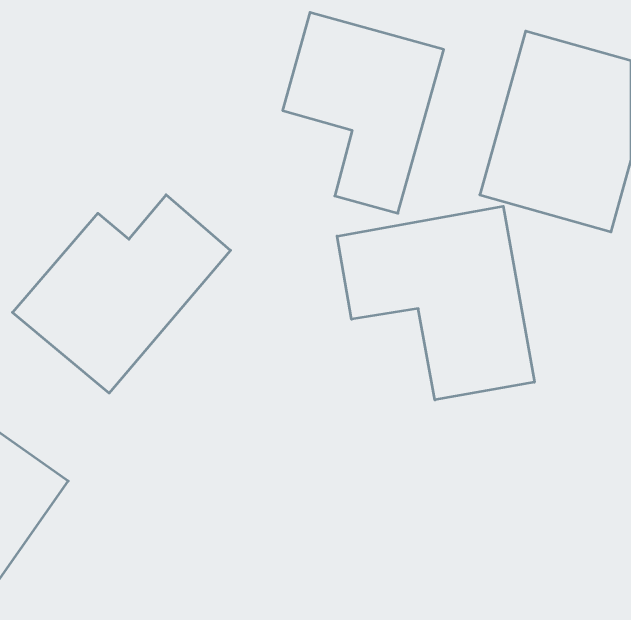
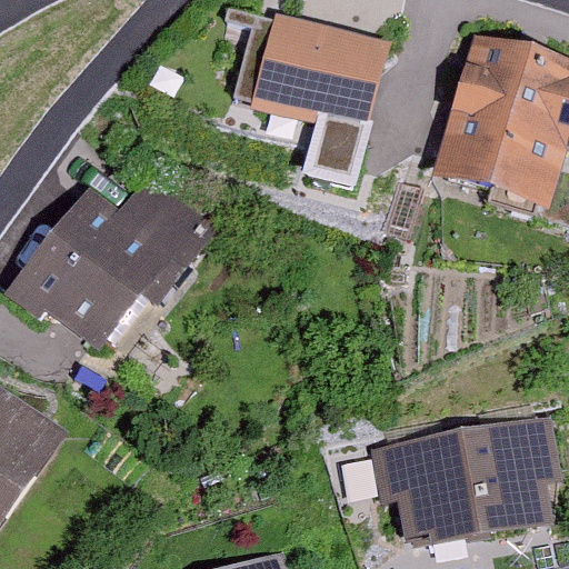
building: [337,206,534,400] -> none
building: none -> [372,411,559,548]

